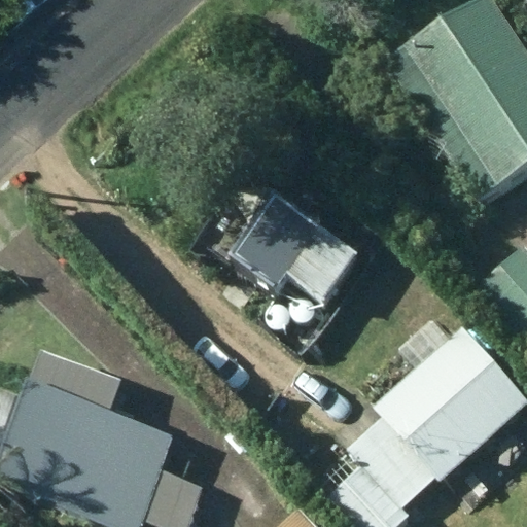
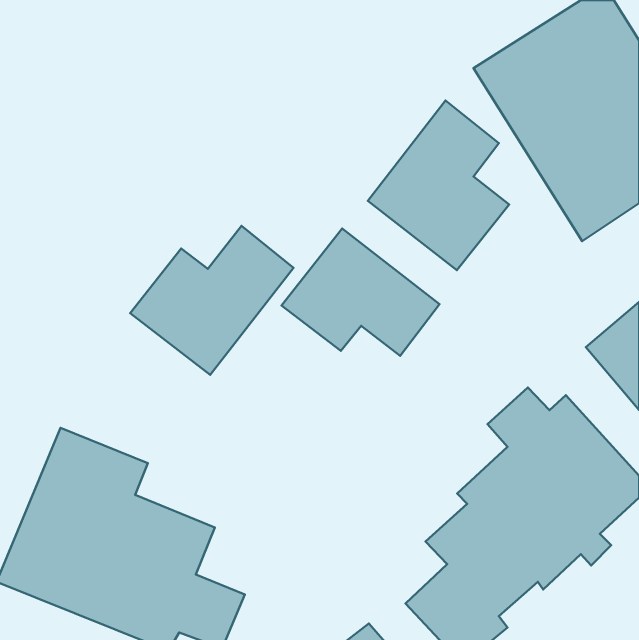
building: none -> [368,100,509,270]
building: none -> [130,226,294,375]

